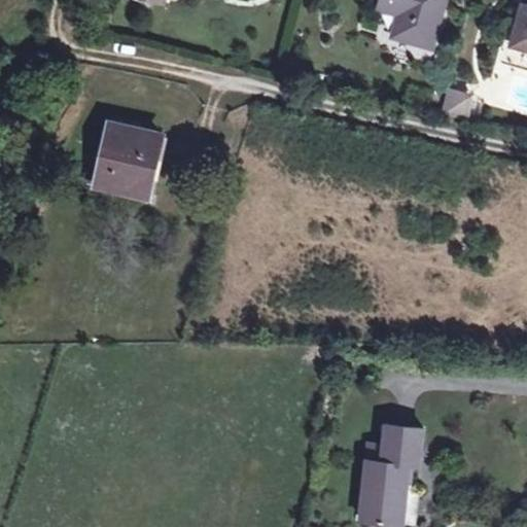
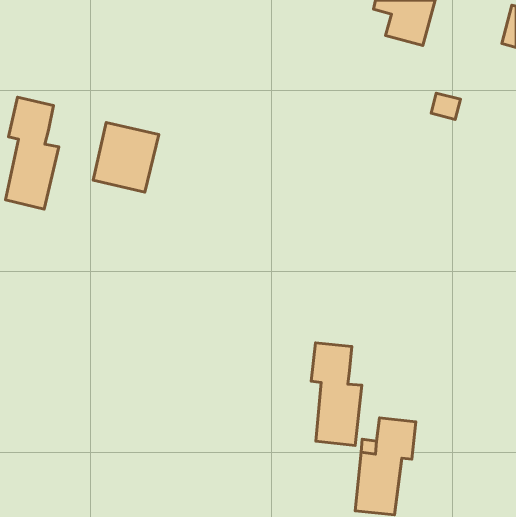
building: none -> [5,97,59,209]
building: none -> [311,343,362,446]

